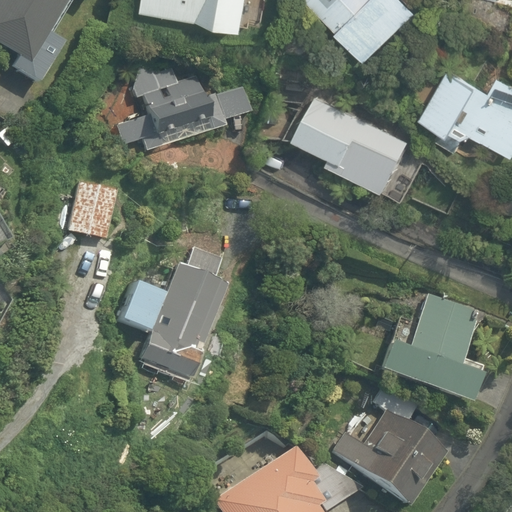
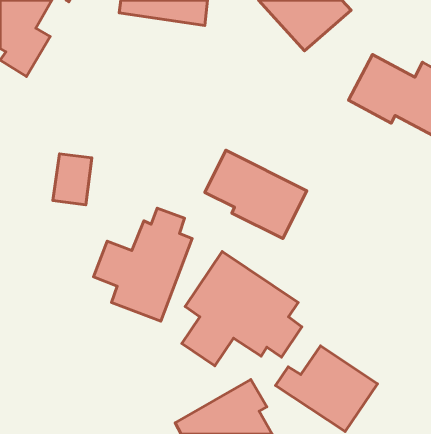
building: [115,59,253,156] -> none
building: [294,89,414,193] -> [205,150,307,238]
building: [373,294,482,407] -> none
building: none -> [182,252,302,366]

